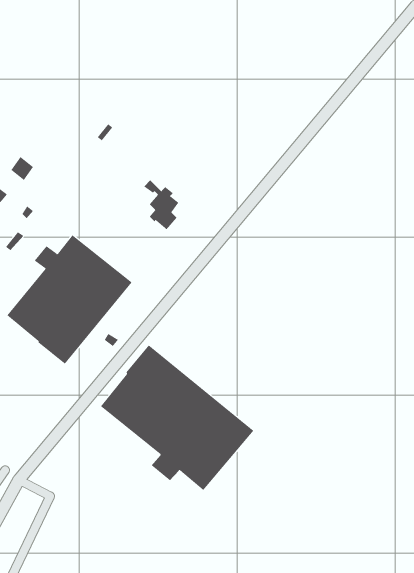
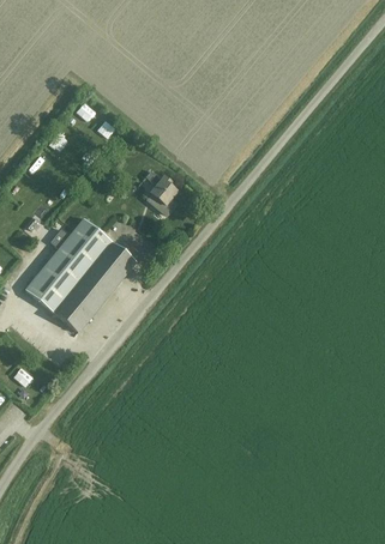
building: [100,345,254,491] -> none

